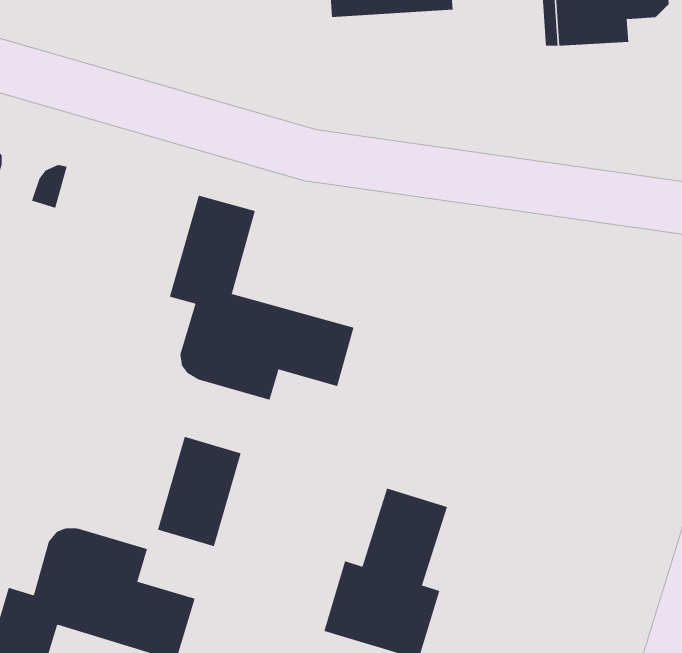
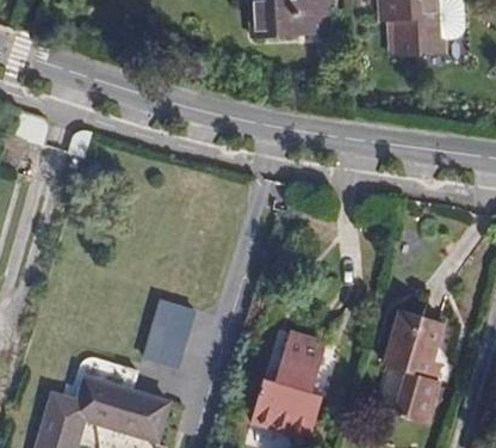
building: [169,195,354,401] -> none
building: none -> [384,311,444,425]

